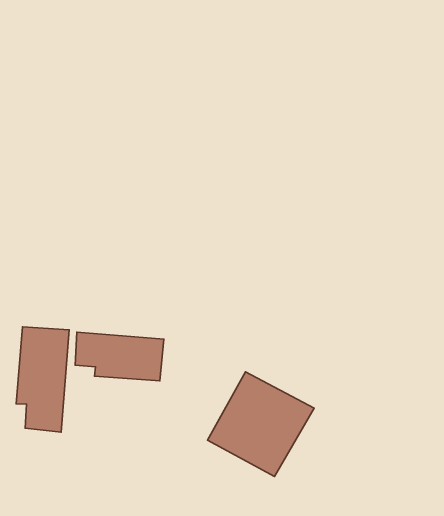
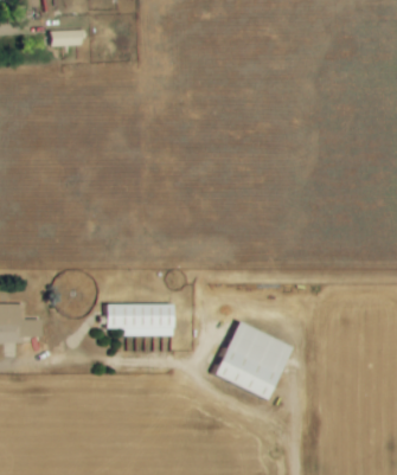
building: [16,327,69,432] -> none

